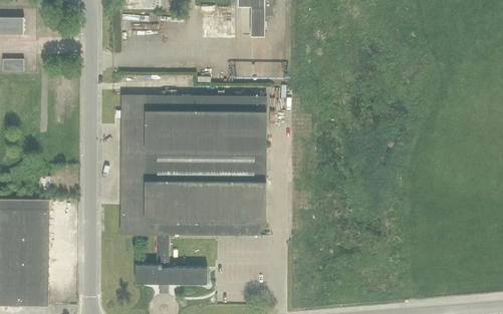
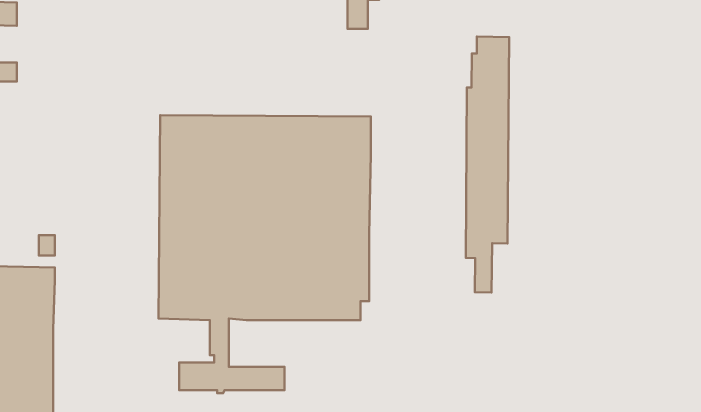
building: none -> [466,37,509,292]

